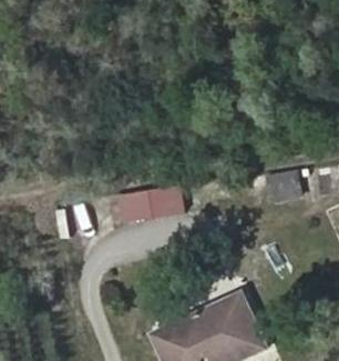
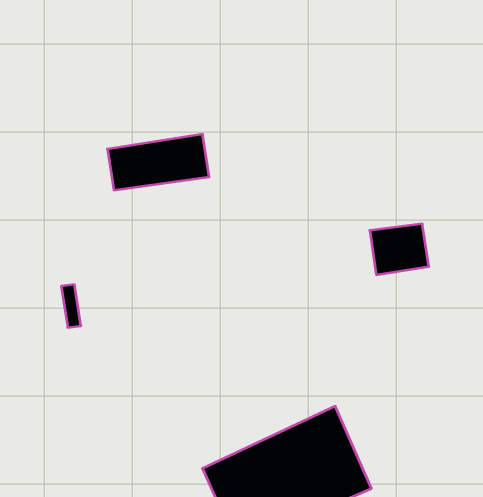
building: [117,184,186,222] -> [107,134,209,190]

